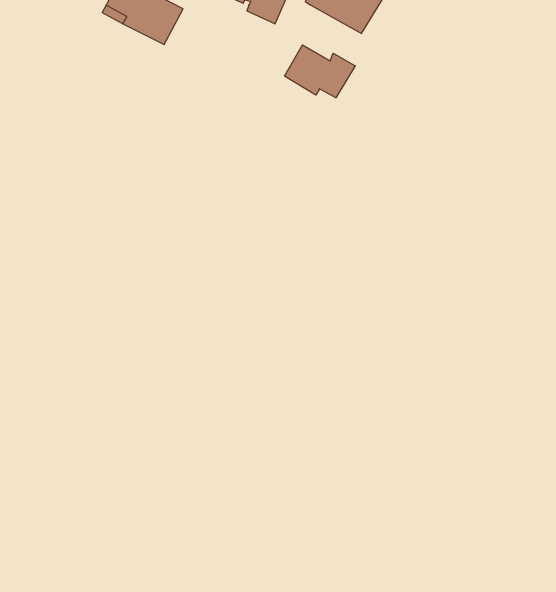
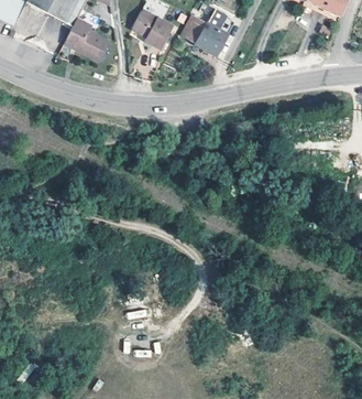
building: [284,45,355,98] -> none

